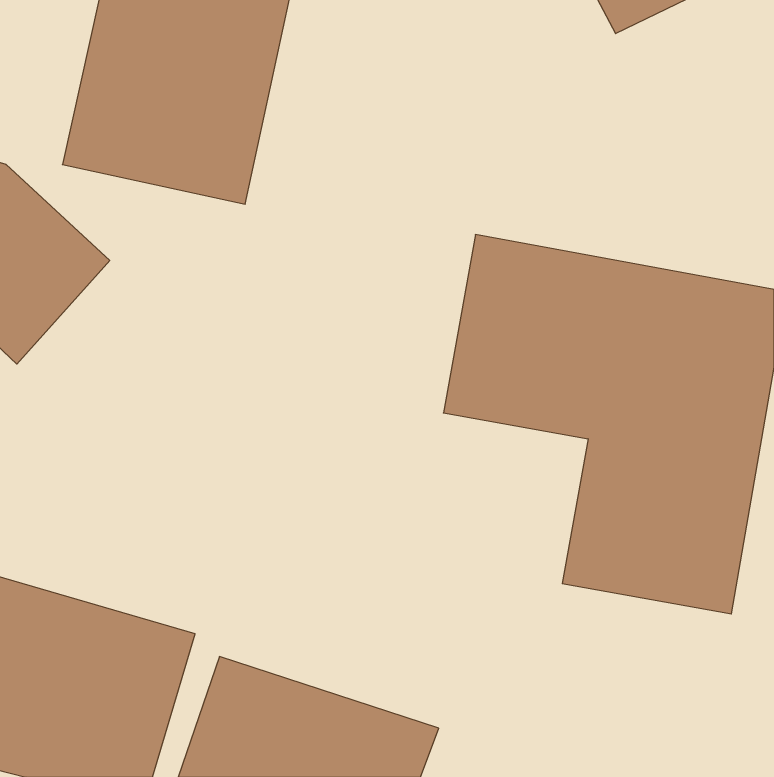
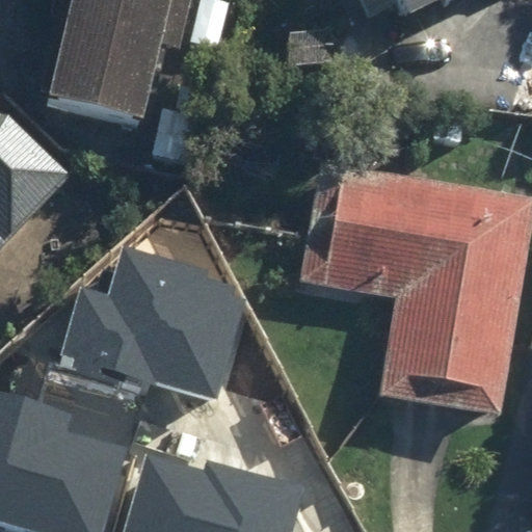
building: none -> [51,256,246,400]

